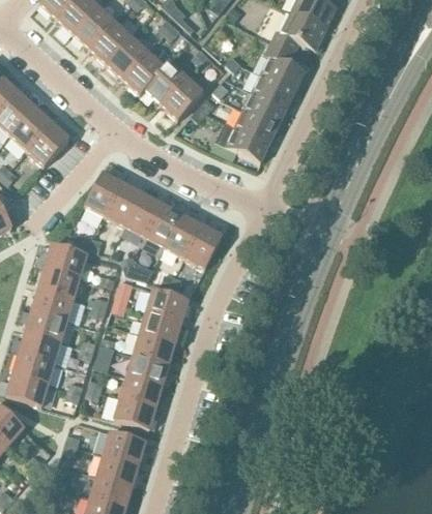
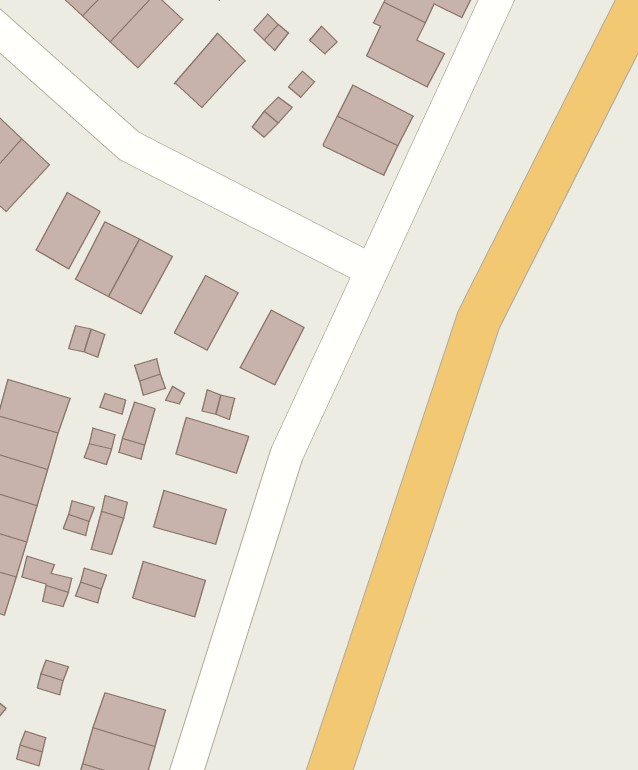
building: [122,51,165,95] -> none
building: [251,72,295,109] -> none
building: [161,75,204,119] -> none
building: [211,122,269,162] -> none
building: [124,192,163,238] -> [36,193,100,269]
building: [164,214,202,259] -> none
building: [45,244,88,277] -> none
building: [138,310,181,343] -> none
building: [125,354,169,386] -> none
building: [112,396,156,429] -> none
building: [103,430,146,463] -> none

